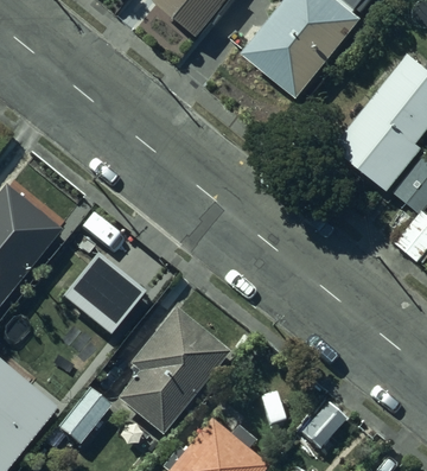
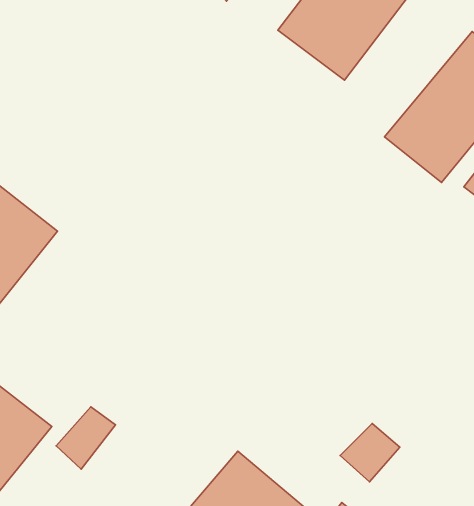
building: [59,246,142,326] -> none
building: [121,306,238,435] -> none

